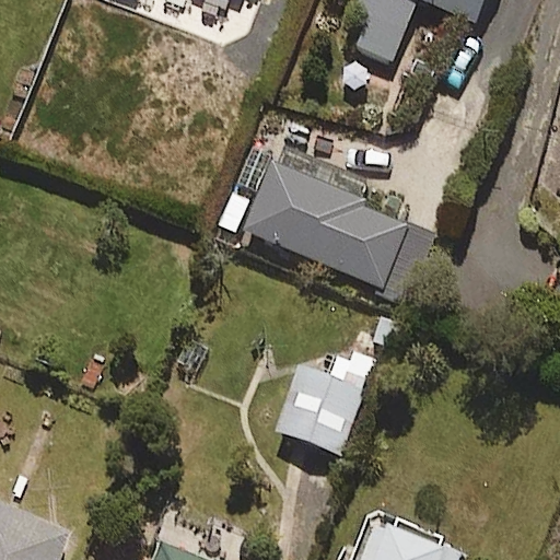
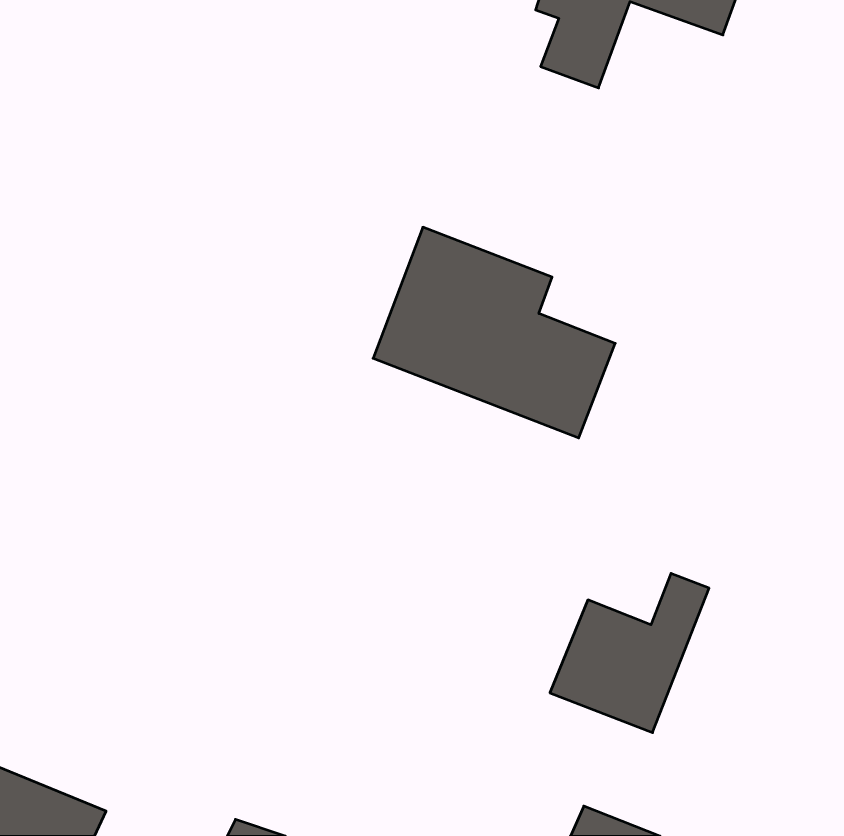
building: [272,347,377,452] -> [550,573,709,733]

